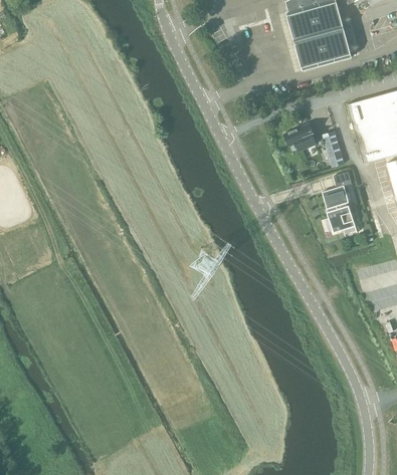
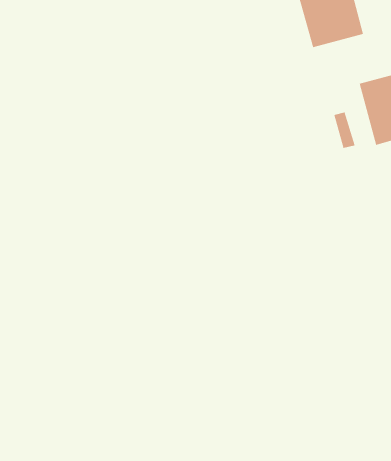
building: [284,123,317,151] -> none
building: [323,171,358,232] -> none

